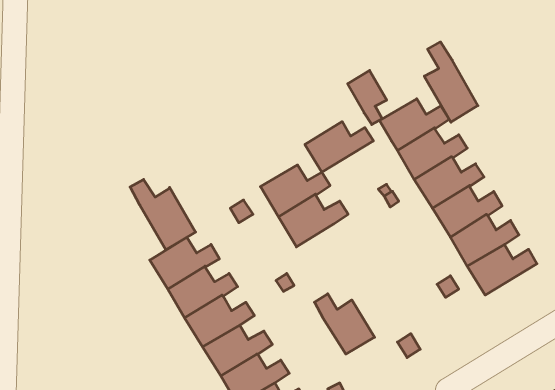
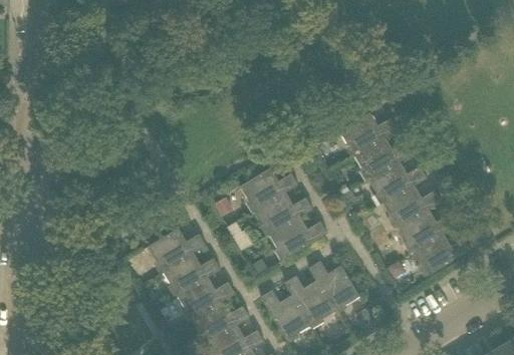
building: [424,42,478,122] -> none
building: [348,70,387,125] -> none
building: [305,122,373,172] -> [270,216,327,258]
building: [130,179,196,250] -> none
building: none -> [309,260,360,310]
building: none -> [261,289,311,339]

